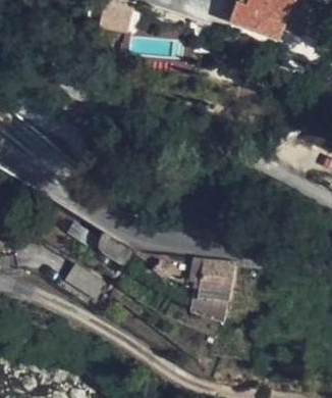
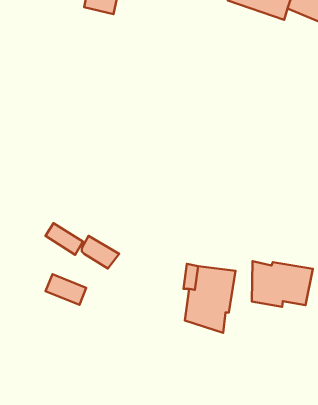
building: none -> [252,261,313,307]

